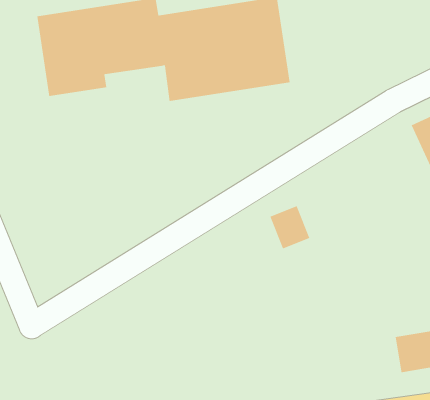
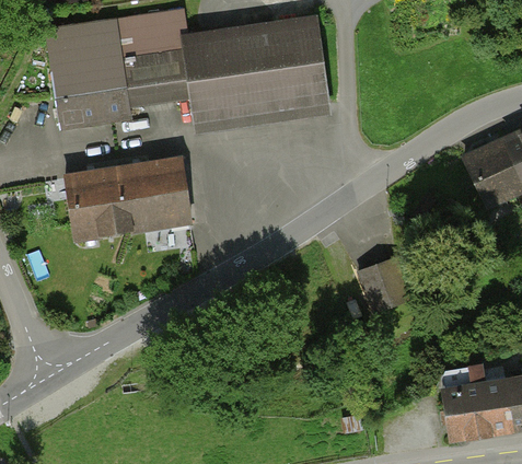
building: none -> [67,155,193,234]
building: [269,206,310,249] -> [360,260,405,309]

